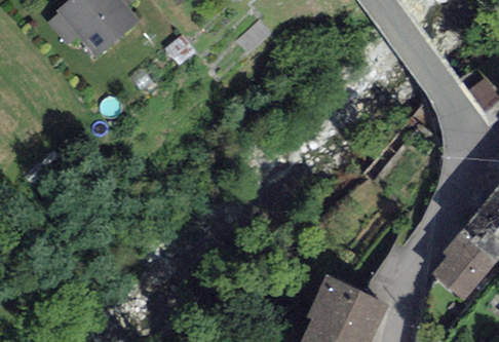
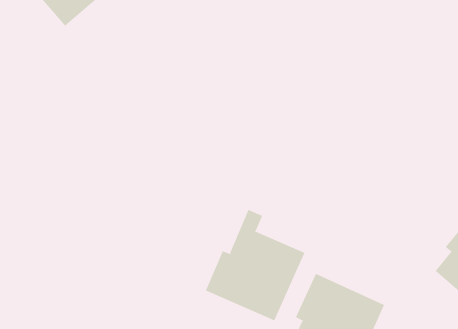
building: none -> [205,209,305,321]

